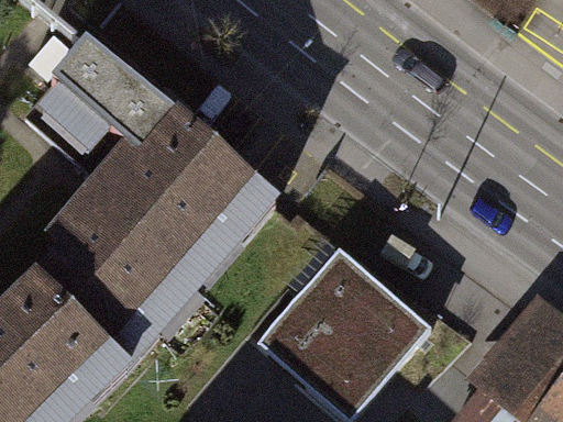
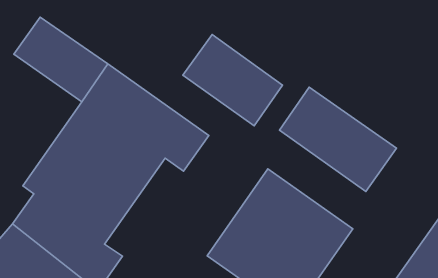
building: none -> [183,34,283,126]
building: none -> [279,87,397,192]

